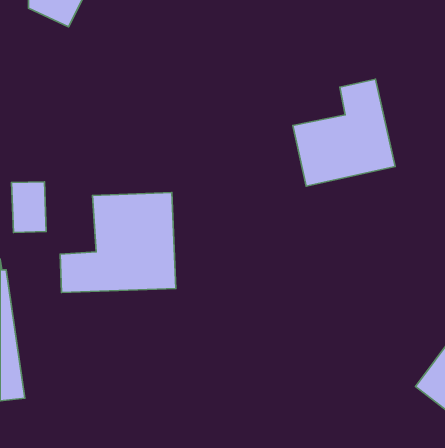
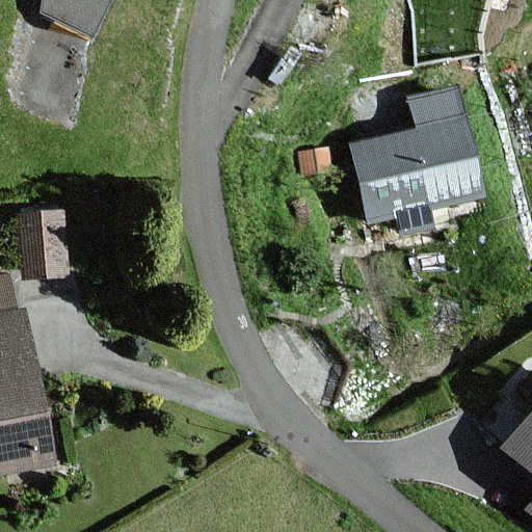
building: [60,192,176,293] -> none

